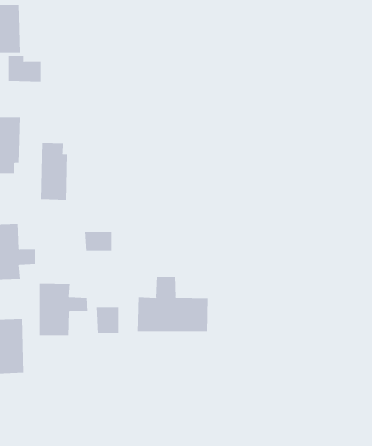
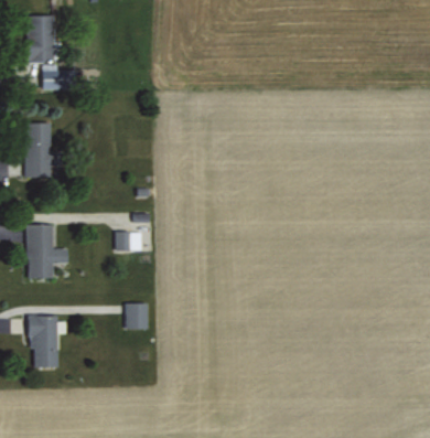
building: [41,142,67,201] -> none
building: [137,276,208,332] -> none
building: [39,283,88,336] -> none

